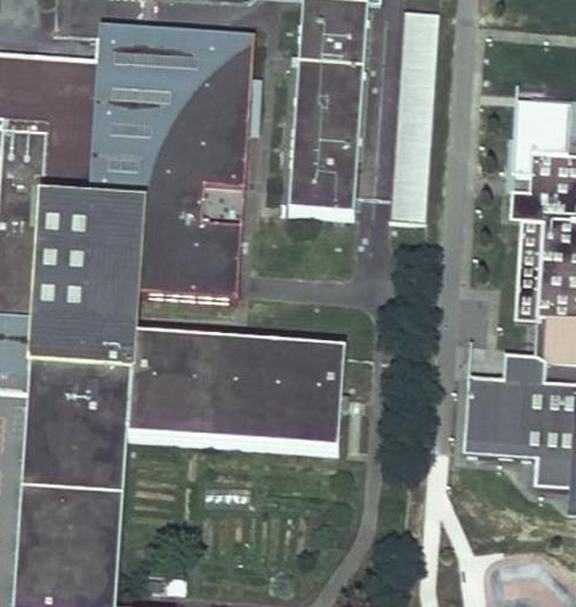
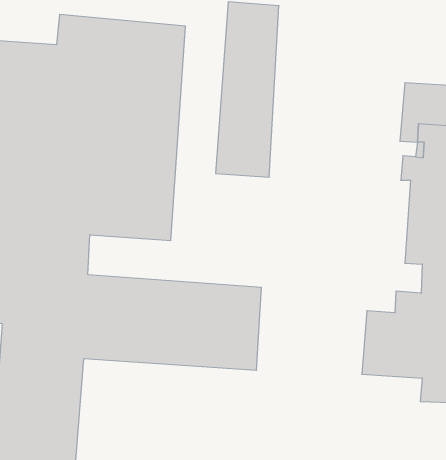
building: [391,9,441,223] -> none

